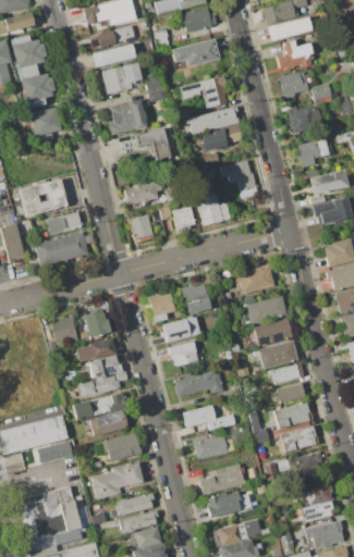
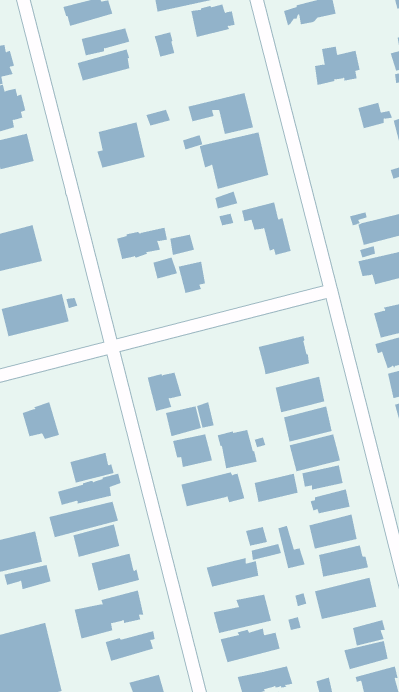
building: [269,16,312,41] -> none
building: [170,39,220,69] -> none
building: [102,62,144,95] -> none
building: [279,72,309,99] -> none
building: [288,107,324,134] -> none
building: [134,127,172,161] -> none
building: [294,137,331,169] -> none
building: [196,194,231,226] -> none
building: [47,212,82,235] -> none
building: [130,214,154,243] -> none
building: [181,284,212,314] -> [217,430,258,469]
building: [84,312,111,337] -> none
building: [75,338,117,361] -> none
building: [182,405,217,428] -> [254,473,299,503]
building: [121,510,159,535] -> none

